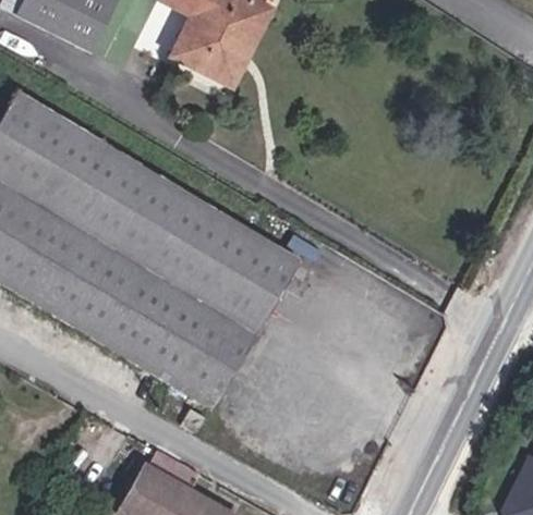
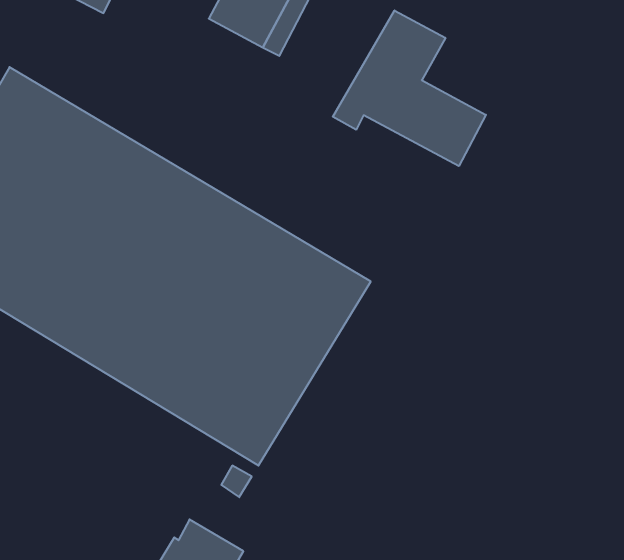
building: none -> [333,10,486,166]

